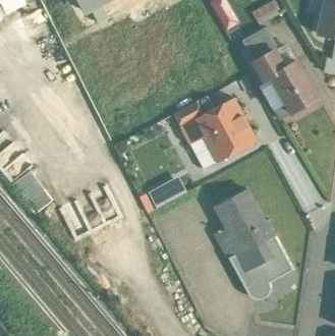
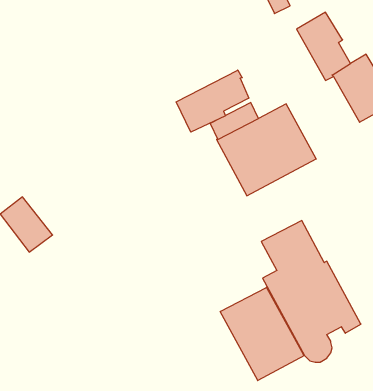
building: none -> [176,70,249,132]
building: [148,174,185,205] -> none
building: none -> [220,287,305,381]

